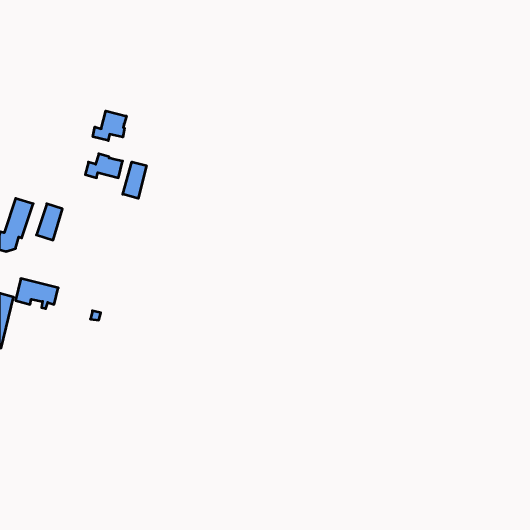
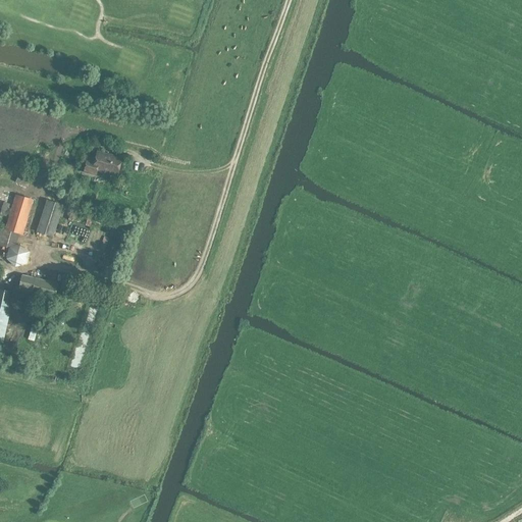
building: [93,111,126,141] -> none
building: [123,162,146,198] -> none

